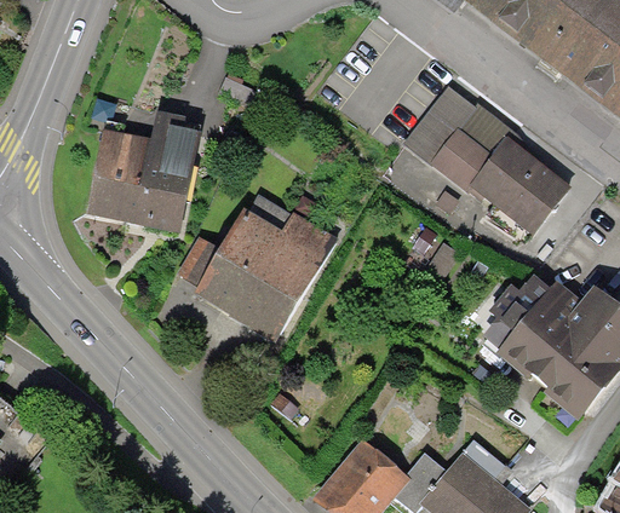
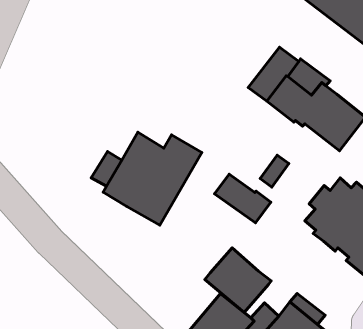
building: [86,109,201,231] -> none
building: none -> [214,174,271,223]
building: none -> [205,248,271,312]

